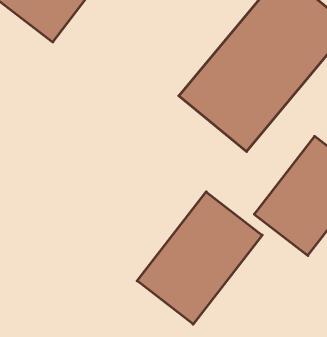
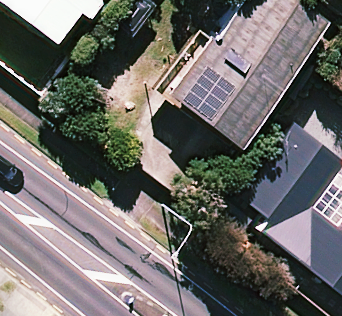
building: [137,192,262,324] -> none

